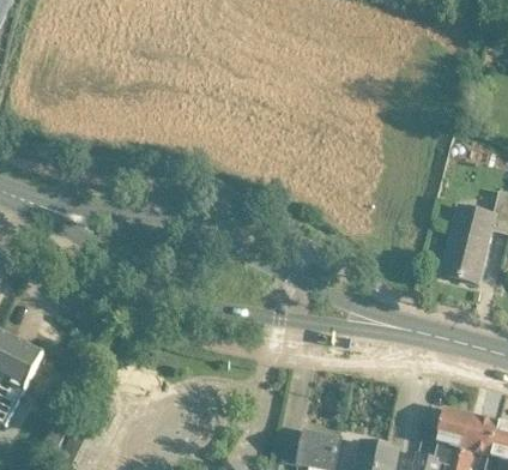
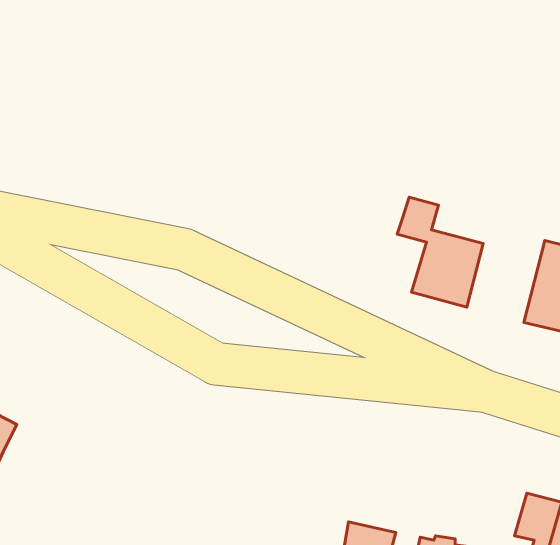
building: none -> [397,197,483,307]

